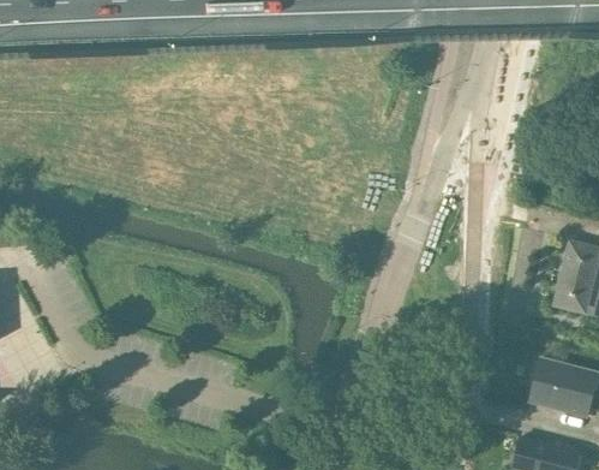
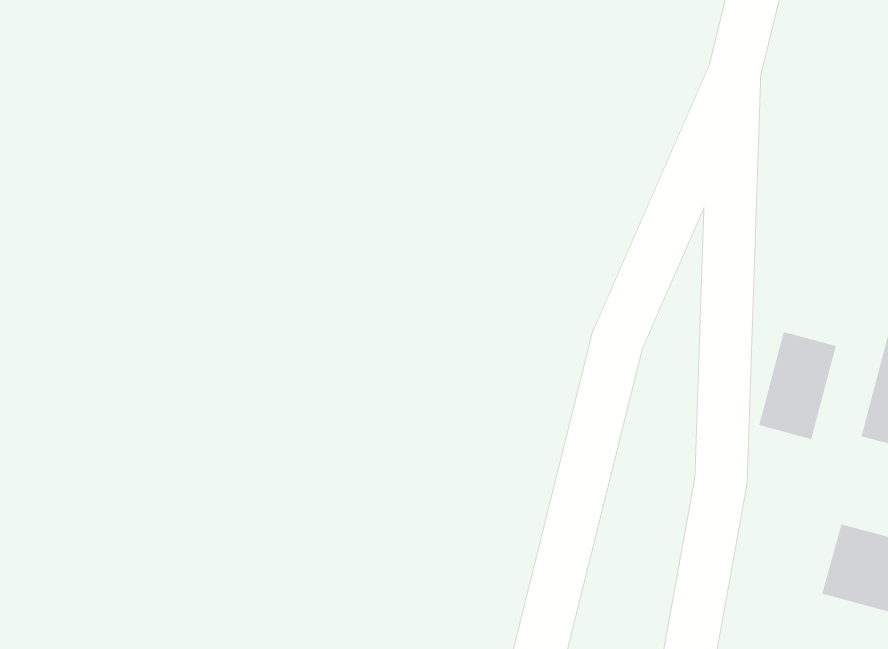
building: none -> [758,331,837,440]

